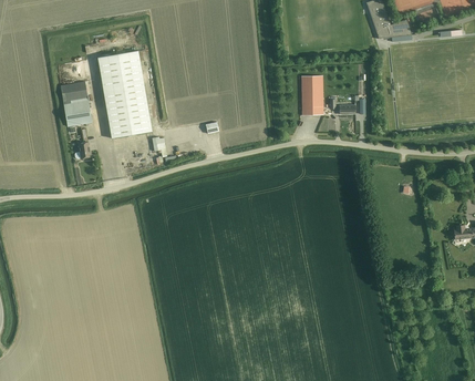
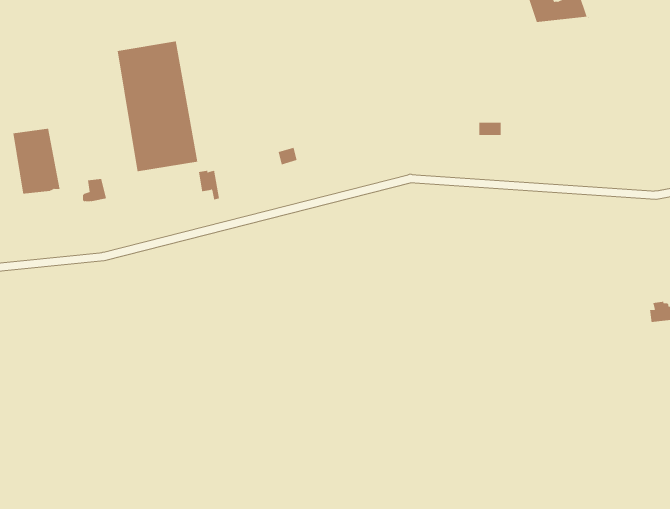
building: [300,74,322,114] -> none
building: [60,81,92,125] -> [12,128,60,194]

